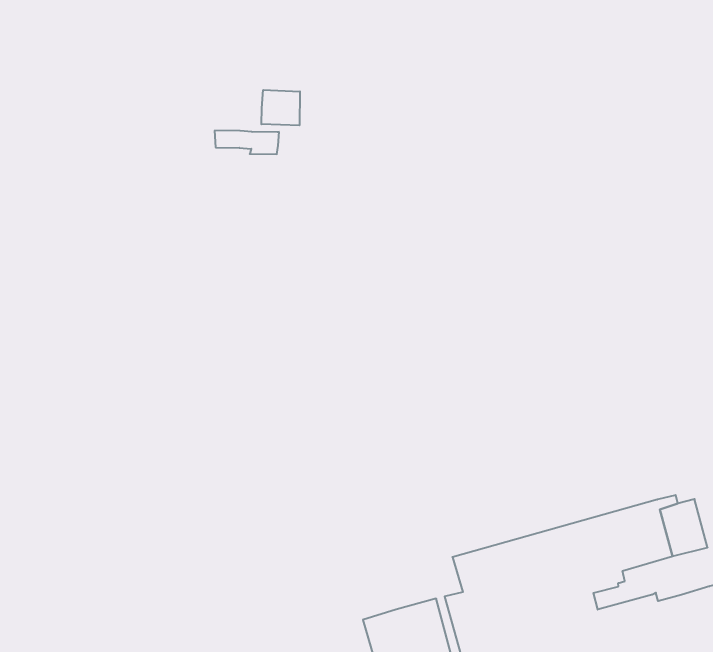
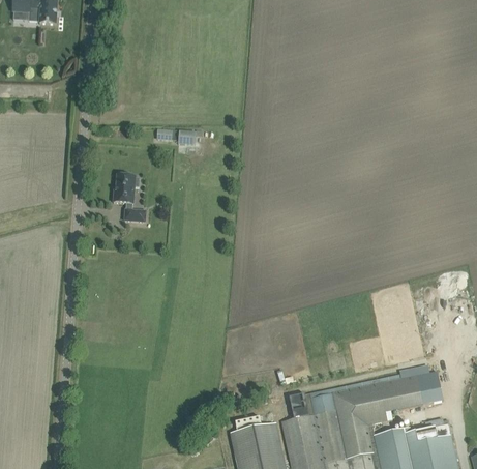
building: [261,90,300,125] -> none
building: none -> [113,175,145,223]

